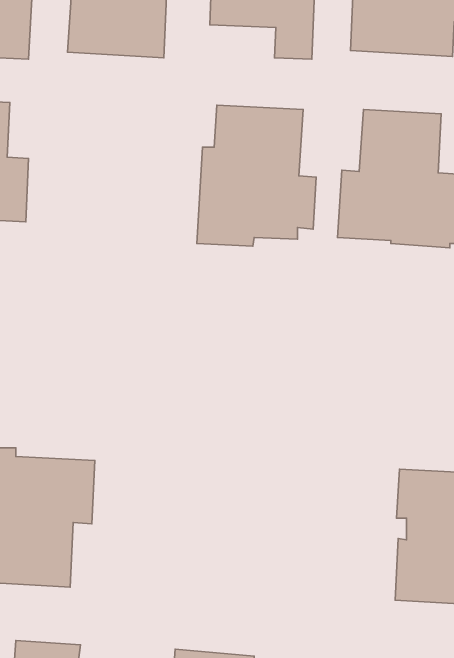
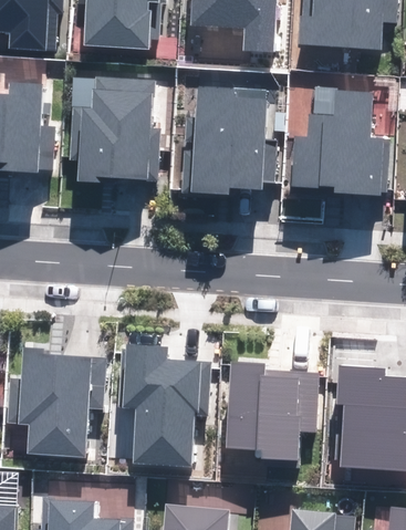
building: none -> [70,76,159,181]
building: none -> [119,343,210,465]
building: none -> [227,361,319,466]

